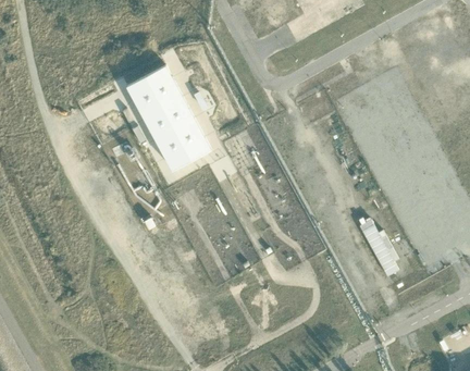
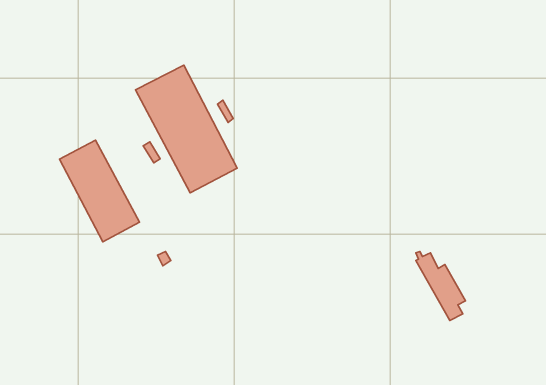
building: none -> [59,140,139,242]

